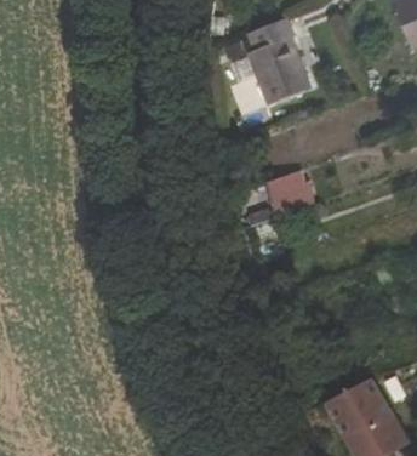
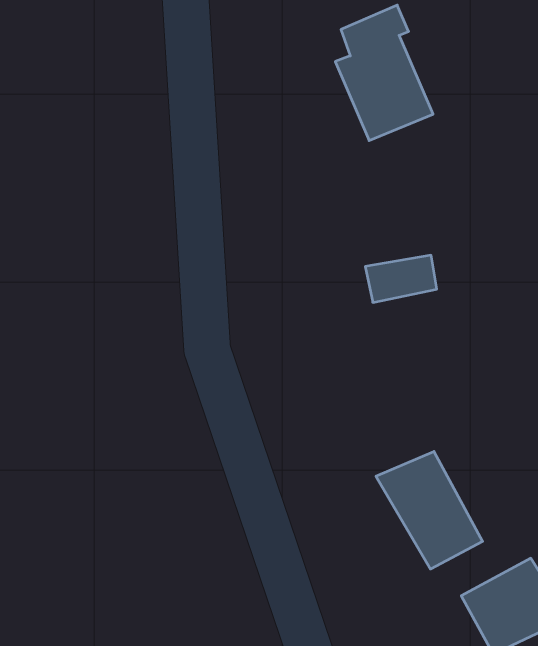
building: none -> [376,451,483,569]

